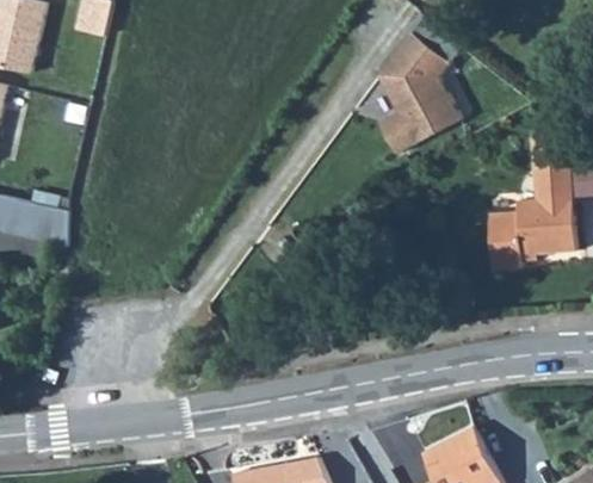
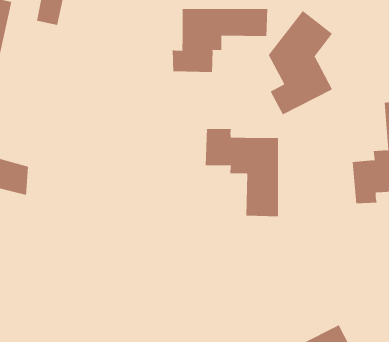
building: none -> [172,8,268,73]
building: none -> [205,128,278,217]

